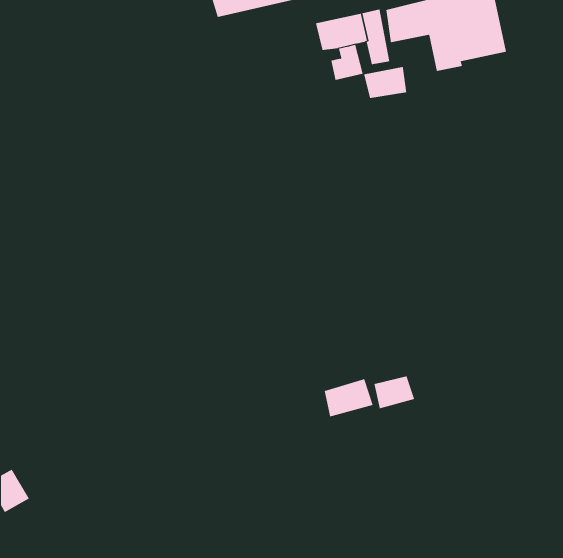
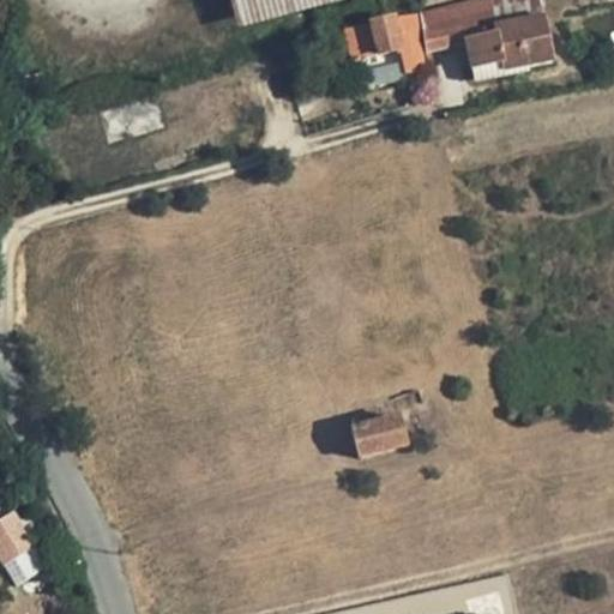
building: [364,66,407,99] -> none
building: [374,375,415,409] -> none

